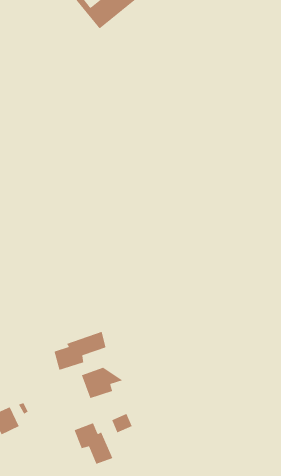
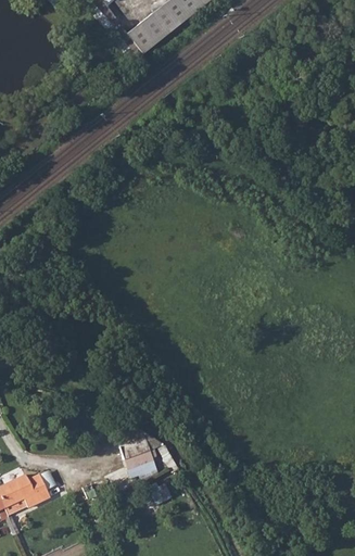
building: [53,331,107,371] -> none
building: [74,422,113,465] -> none

